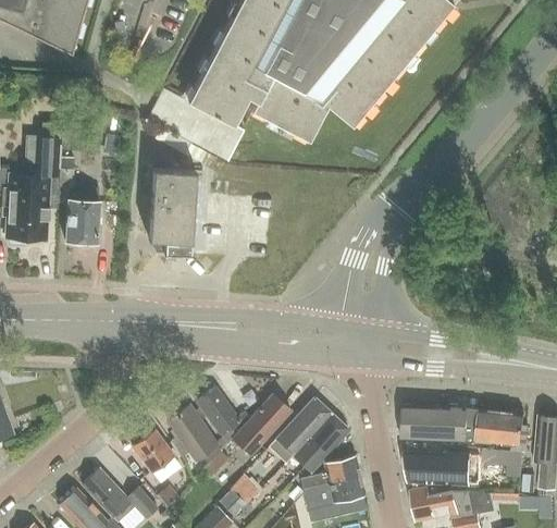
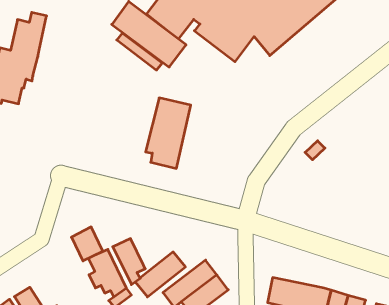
building: [59,169,102,247] -> none
building: [149,169,196,254] -> [146,98,191,168]
building: [133,429,175,474] -> [71,227,103,261]

